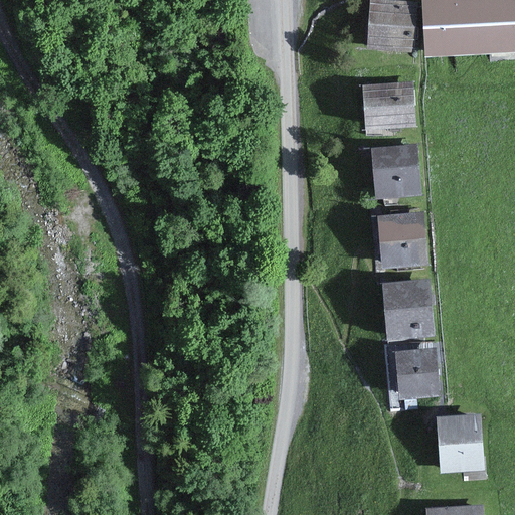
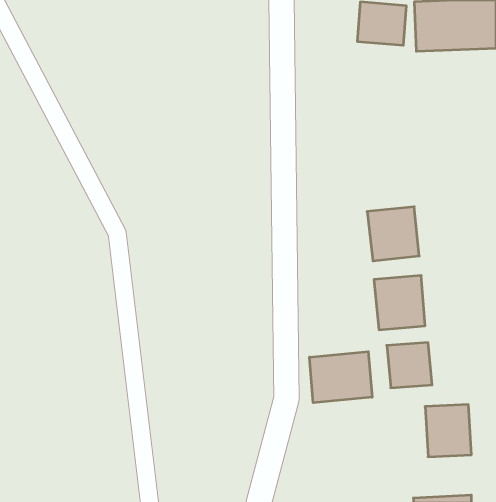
building: [361,80,415,129] -> none
building: [369,145,420,198] -> none
building: none -> [310,352,372,403]

